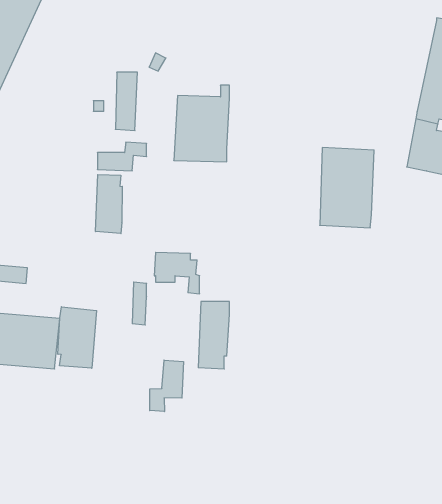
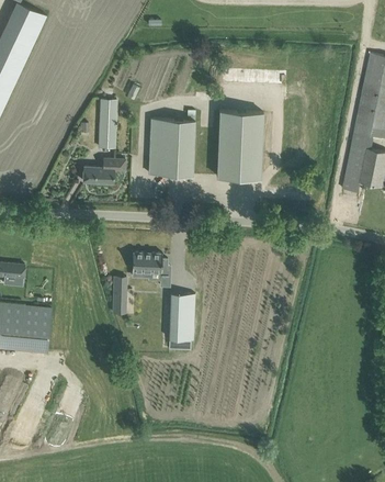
building: [320,148,374,228] -> [217,111,263,179]
building: [96,175,122,234] -> none
building: [58,307,97,368] -> none
building: [150,360,183,412] -> none

